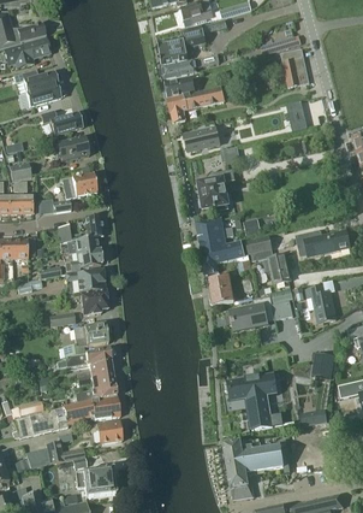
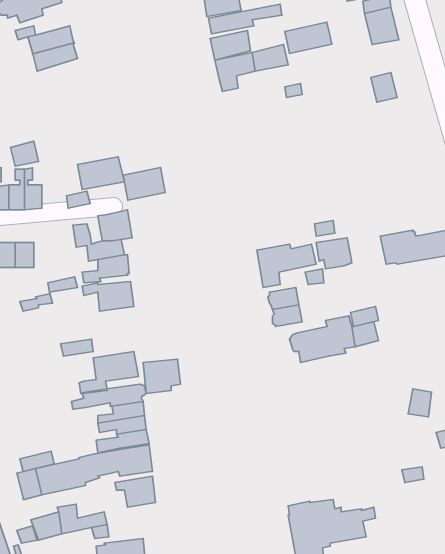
building: [41,110,82,135] -> none
building: [184,126,220,151] -> [285,22,332,53]
building: [56,135,89,160] -> [123,168,165,200]
building: [200,169,236,210] -> none
building: [195,217,233,244] -> none
building: [263,252,292,284] -> none
building: [305,284,335,323] -> none
building: [79,289,108,316] -> [143,359,180,394]
building: [227,371,291,429] -> none

